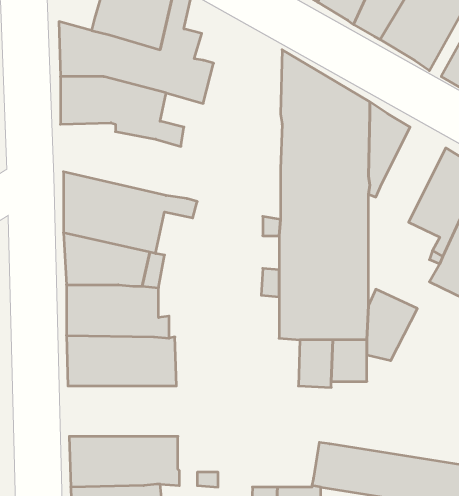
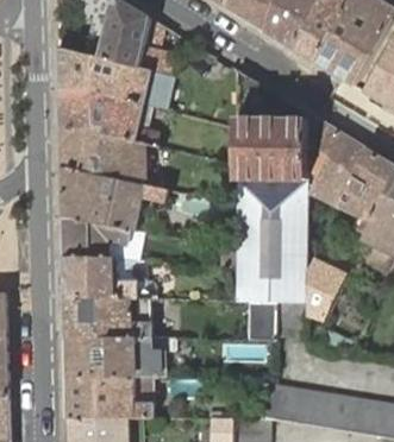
building: none -> [60,128,144,187]
building: none -> [312,132,368,208]
building: none -> [65,339,164,379]

